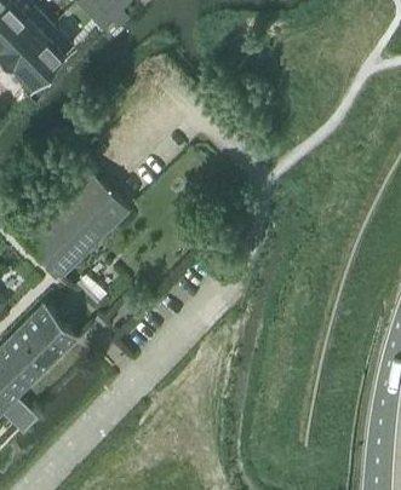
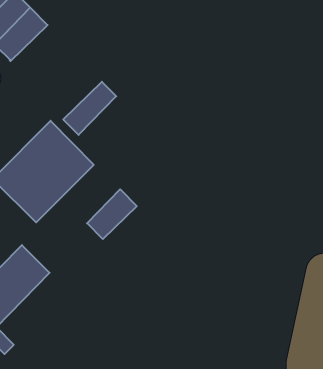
building: none -> [63,82,116,135]
building: none -> [87,189,137,239]

